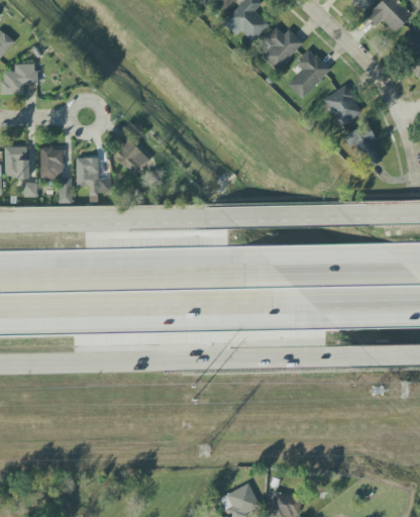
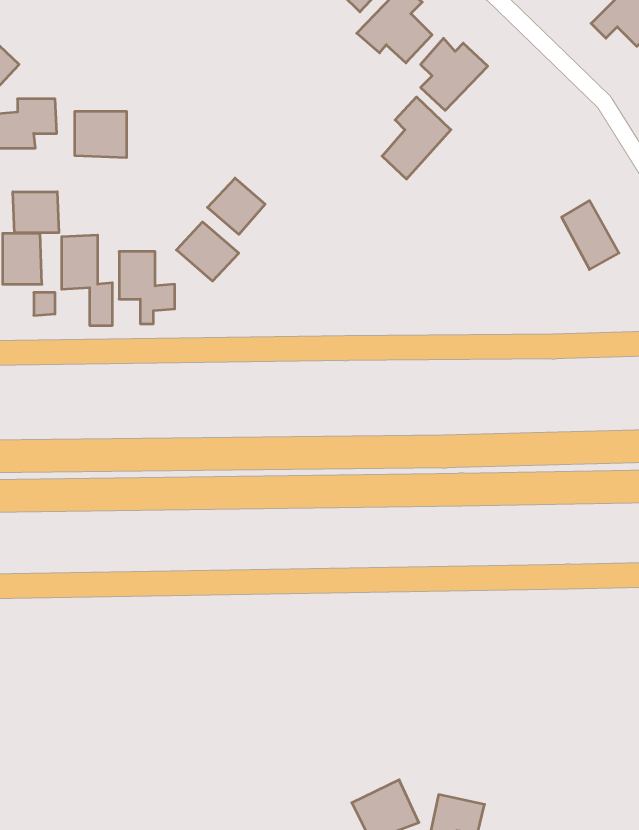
building: [288,47,330,98] -> [382,97,451,179]
building: none -> [75,111,126,158]
building: [326,84,362,124] -> none
building: none -> [207,178,265,234]
building: none -> [13,192,59,233]

